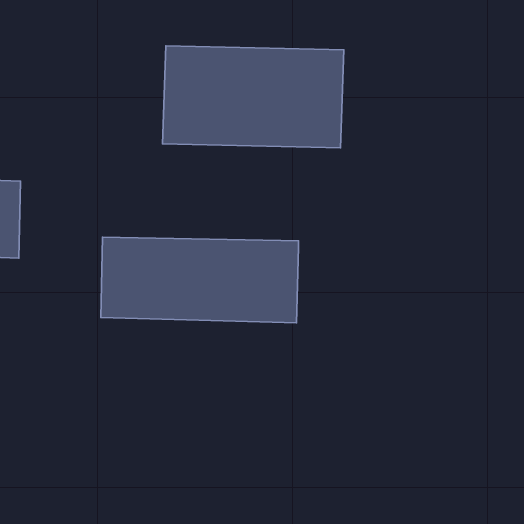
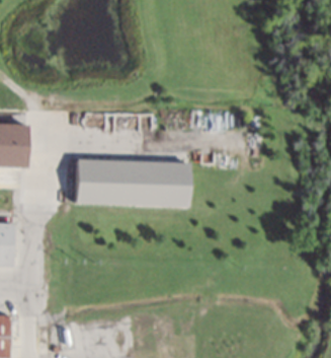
building: [163,46,344,148] -> none

